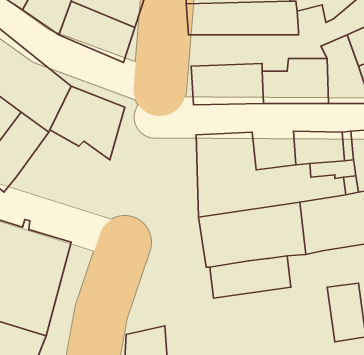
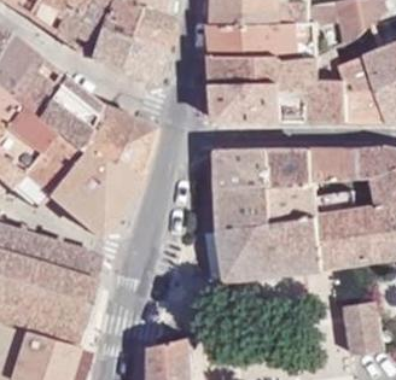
building: none -> [214,55,321,90]
building: none -> [47,147,138,235]
building: none -> [275,148,318,186]

